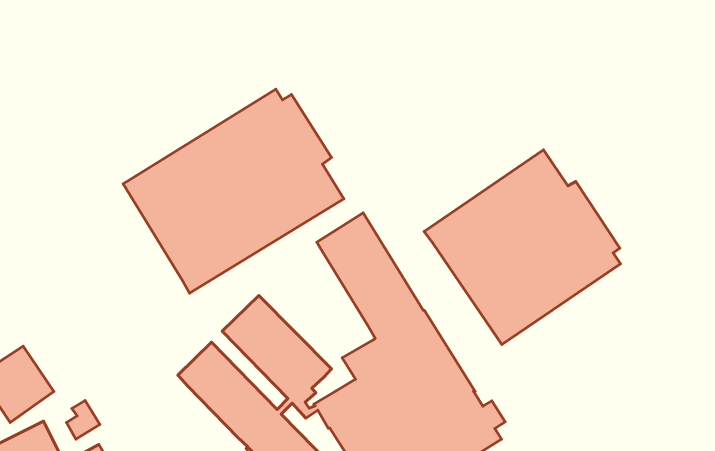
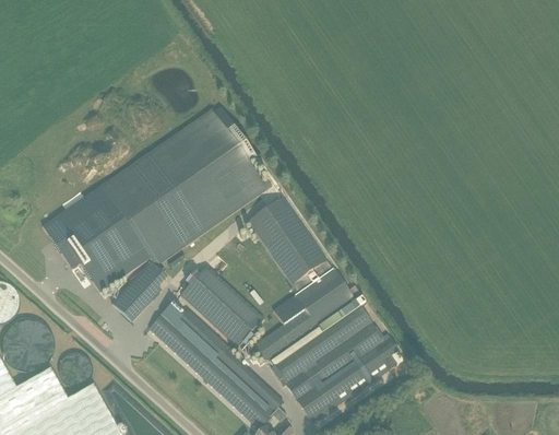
building: [424,150,621,344] -> none
building: none -> [43,186,150,292]
building: none -> [111,271,160,321]

